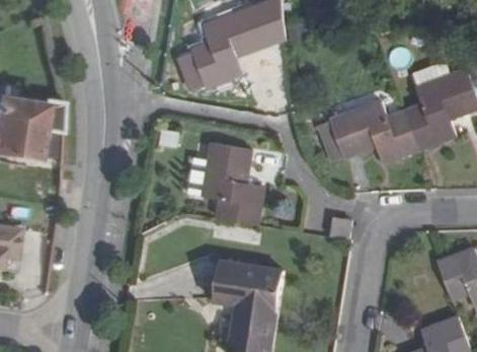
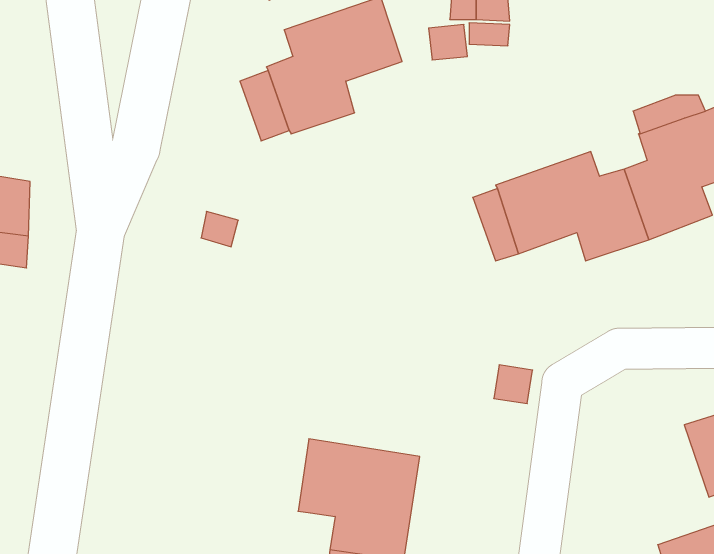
building: [214,143,274,228] -> none

